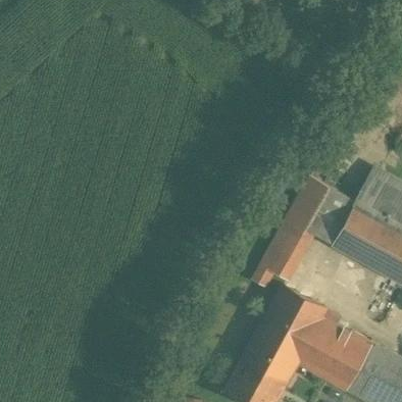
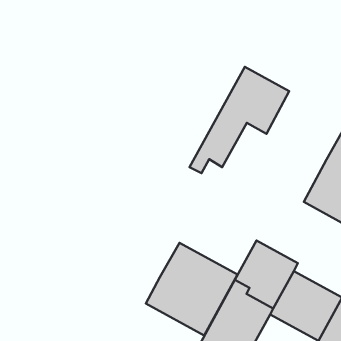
building: [252,177,355,287] -> [190,67,289,173]
building: none -> [146,243,238,335]

